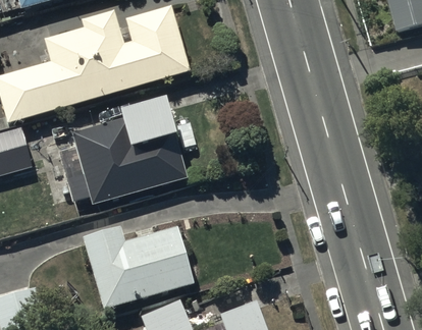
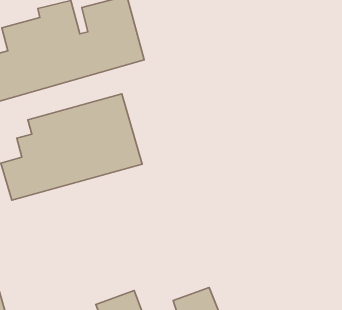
building: [81,225,193,310] -> none

